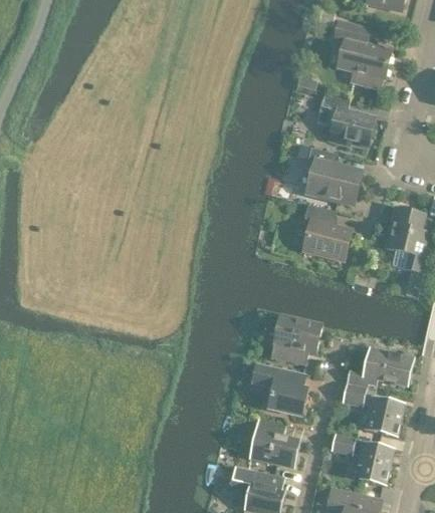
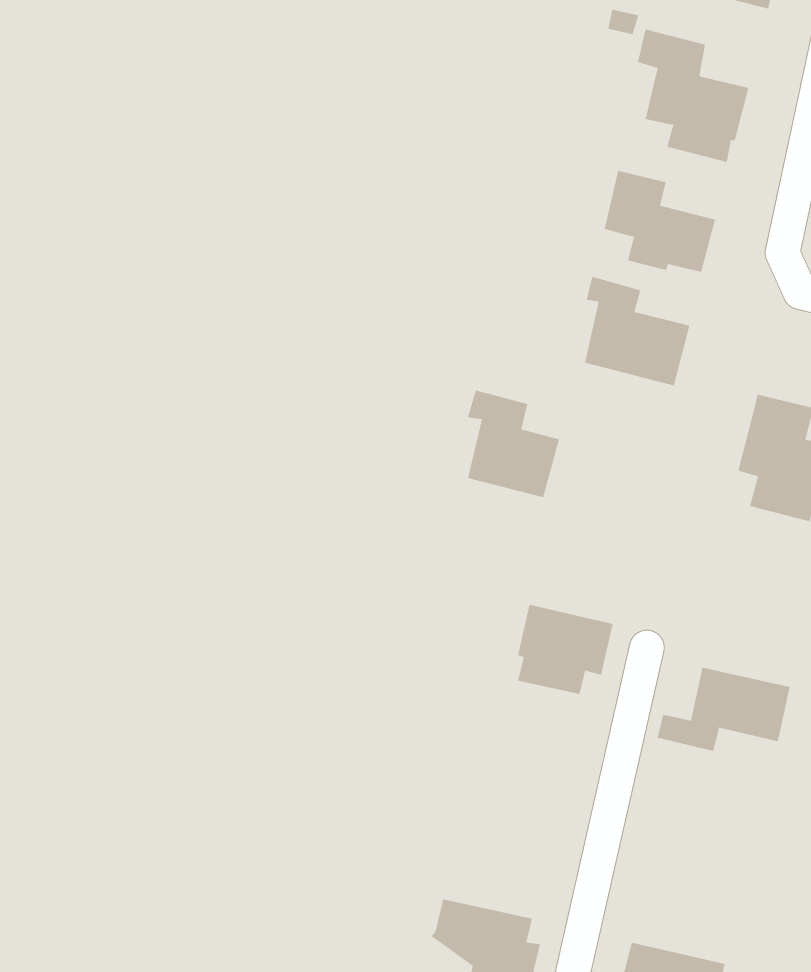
building: [303,205,351,260] -> [467,390,560,498]
building: [251,362,307,415] -> none
building: [340,383,402,437] -> none
building: [248,418,299,467] -> none
building: [330,436,392,485] -> none

